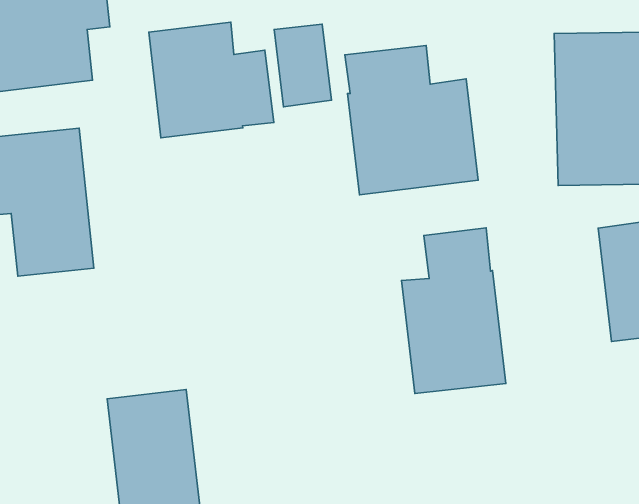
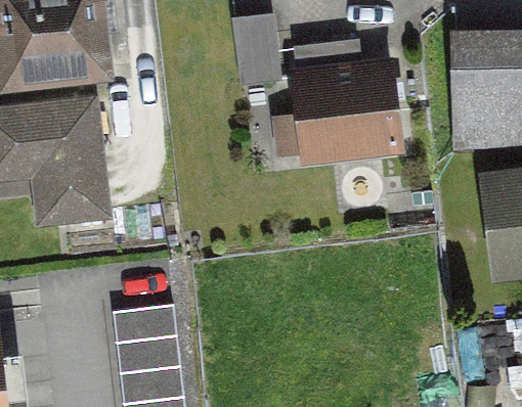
building: [149,22,274,138] -> none
building: [401,228,506,393] -> none

